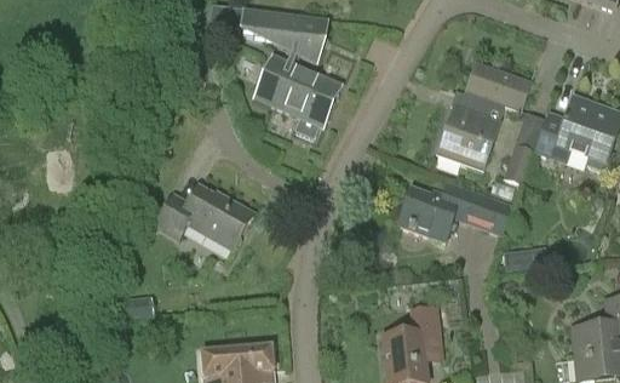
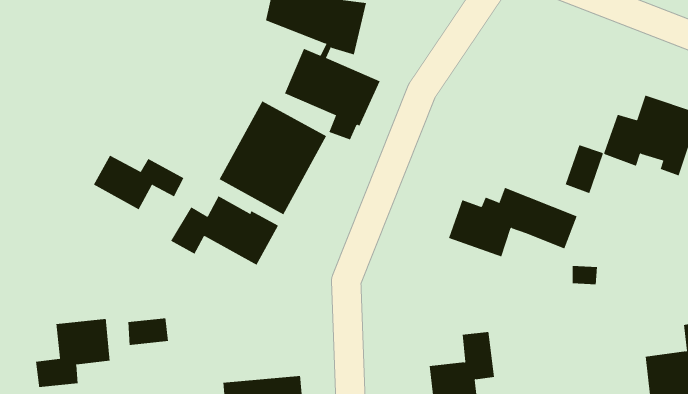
building: [438,63,530,170] -> none
building: none -> [219,100,327,215]
building: none -> [93,155,184,210]
building: none -> [36,318,110,388]

